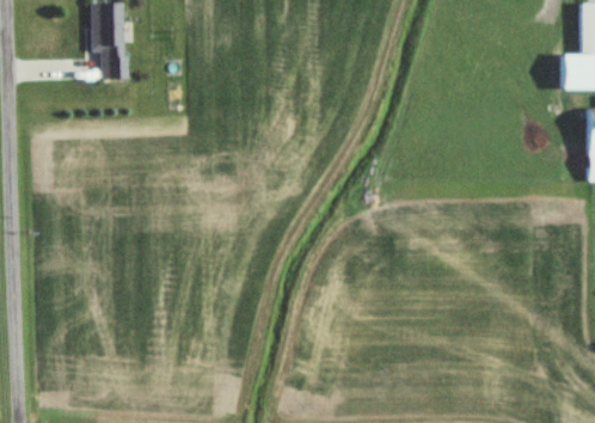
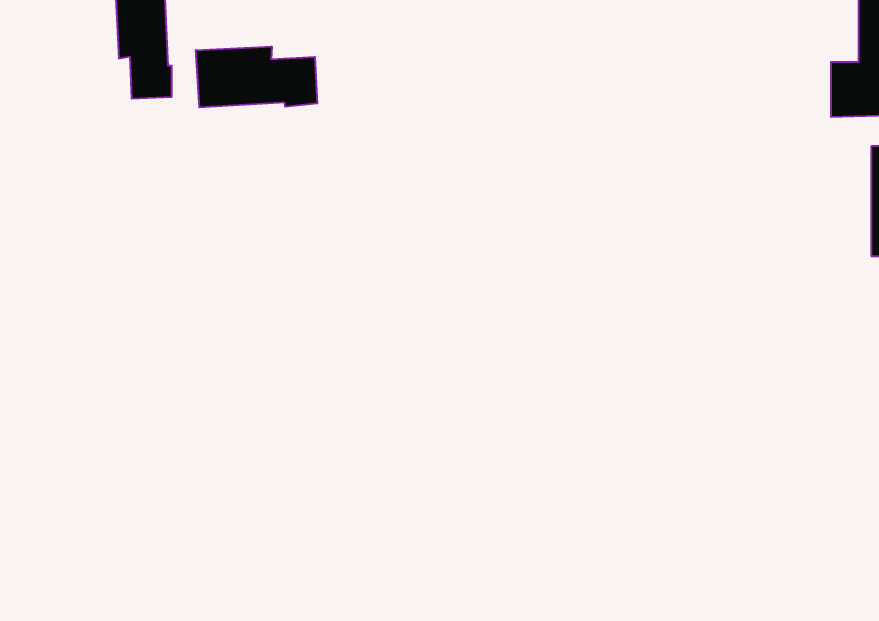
building: none -> [196,46,317,107]

